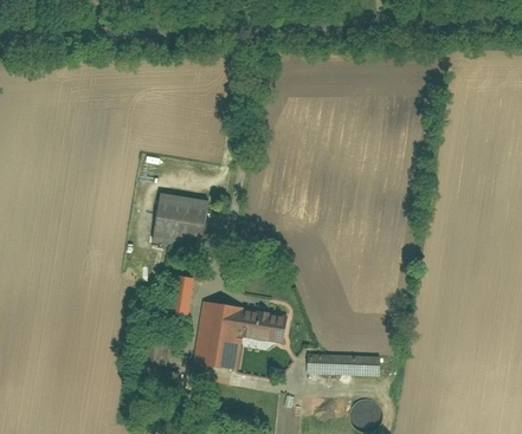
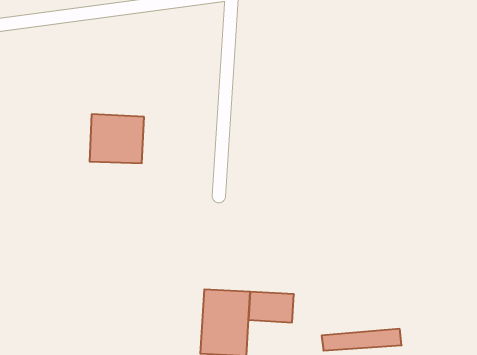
building: [154,194,210,245] -> [90,114,144,163]
building: [170,274,193,311] -> none

